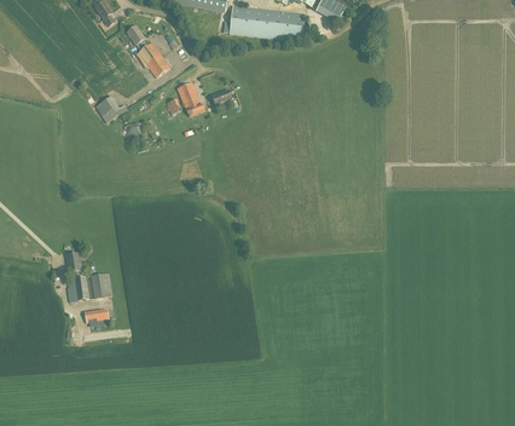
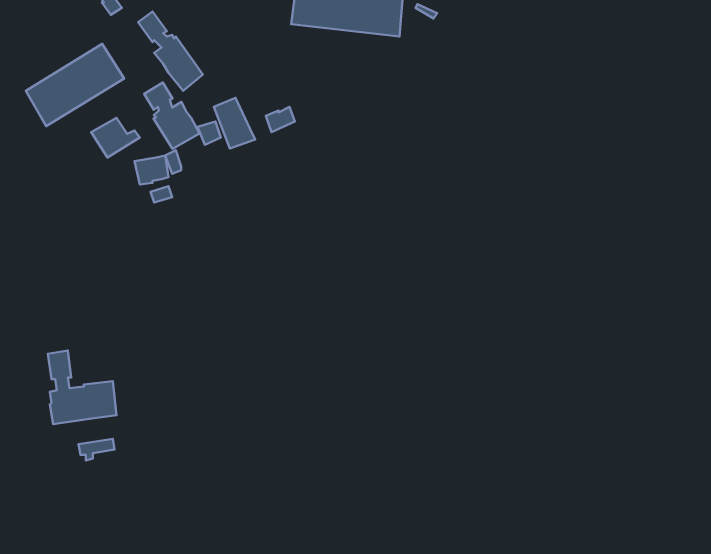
building: none -> [26,44,124,126]
building: none -> [144,82,199,149]

